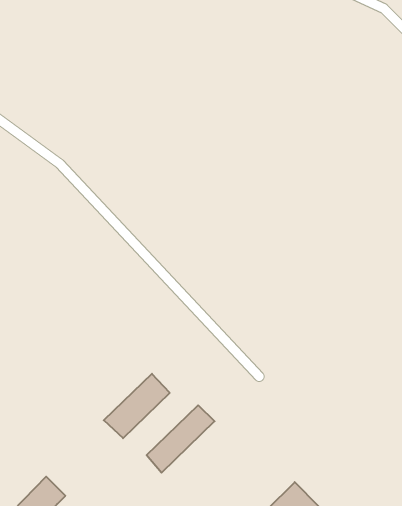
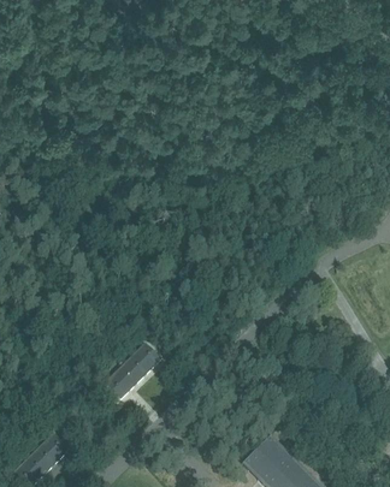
building: [147,405,215,473] -> none

